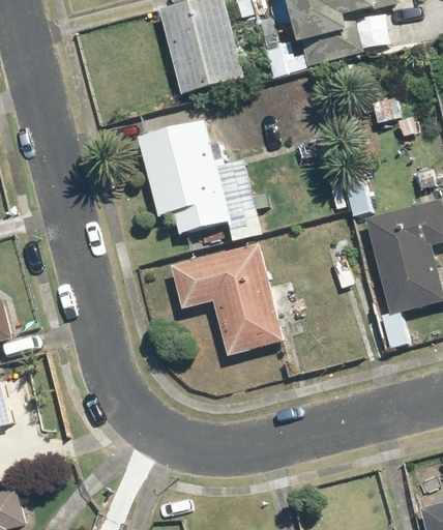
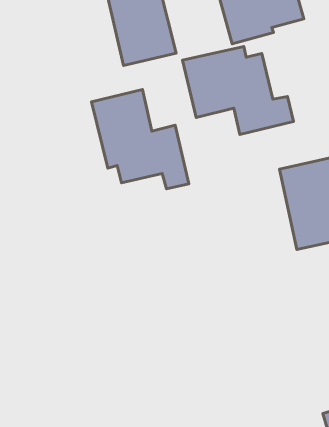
building: none -> [182,46,294,134]
building: [170,242,303,353] -> none

